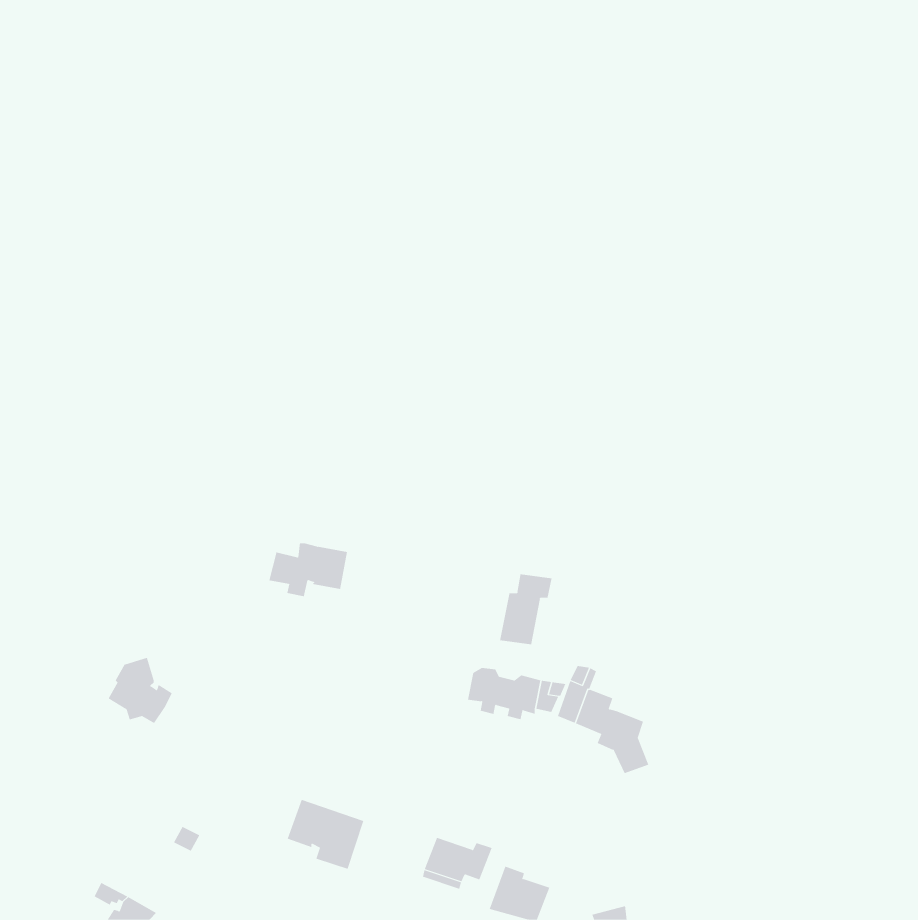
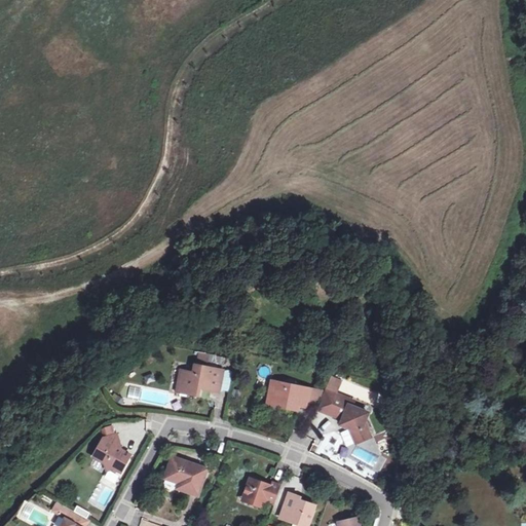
building: [269,543,348,597] -> [176,364,221,394]
building: [500,574,552,645] -> none
building: [108,657,173,724] -> [93,433,130,471]

